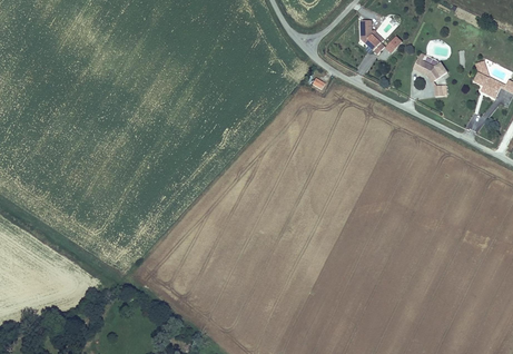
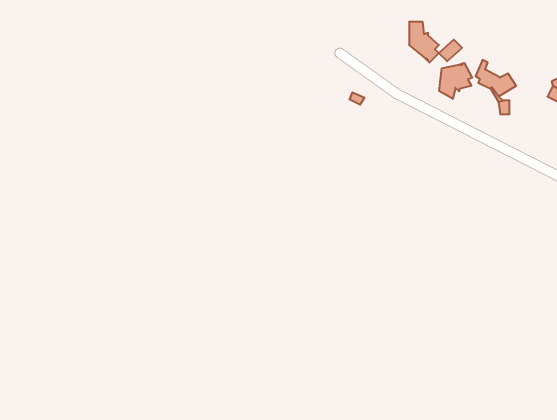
building: none -> [439,63,472,99]

